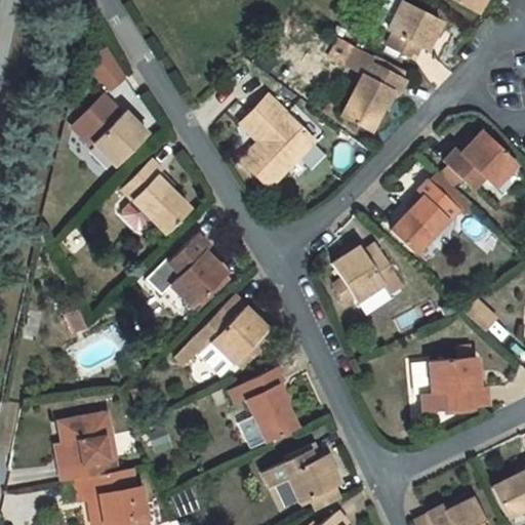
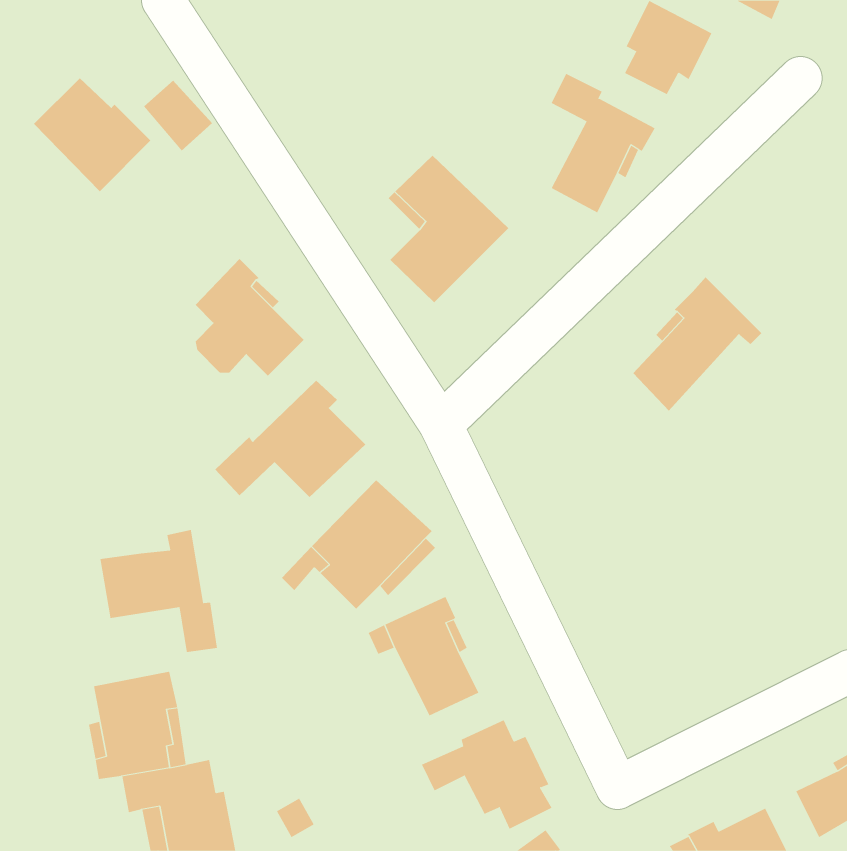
building: [75,94,148,165] -> [33,77,151,192]
building: [443,130,517,189] -> none
building: [332,243,402,301] -> none
building: none -> [100,529,217,653]
building: [421,356,488,411] -> none

